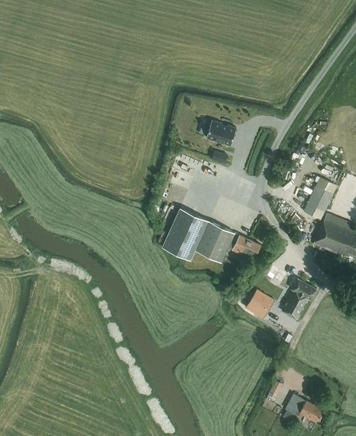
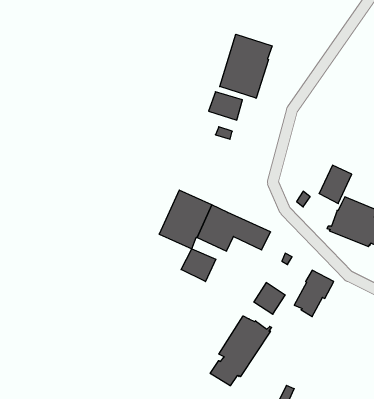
building: none -> [220,34,272,98]
building: none -> [181,249,216,282]
building: none -> [210,316,272,386]

